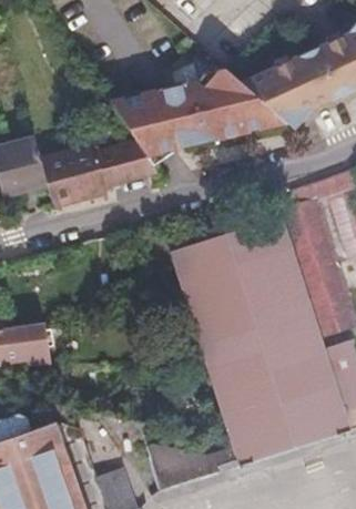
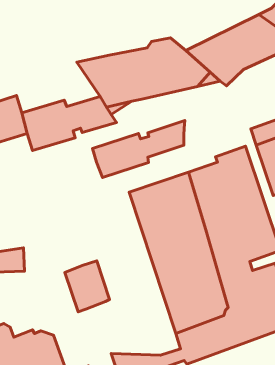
building: none -> [93,120,185,178]
building: none -> [65,261,110,312]

